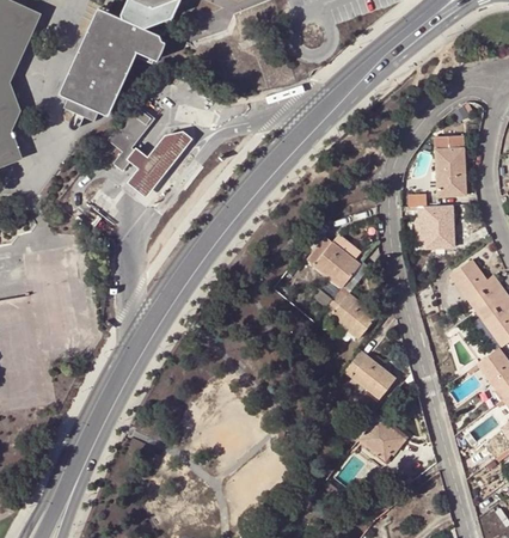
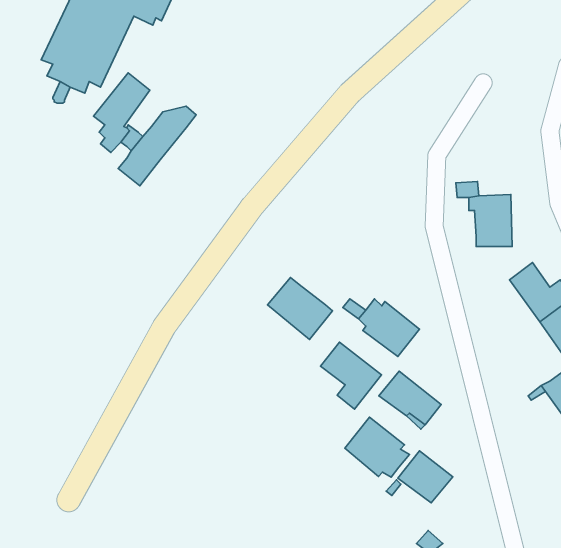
building: [434,135,464,196] -> none
building: [306,236,360,287] -> [267,277,333,340]
building: none -> [320,342,382,409]
building: none -> [345,417,409,477]

